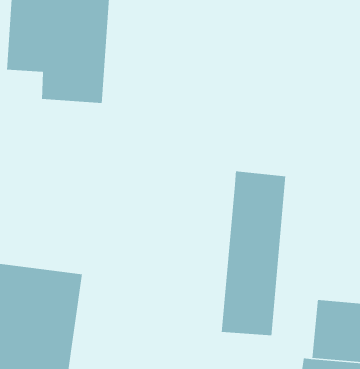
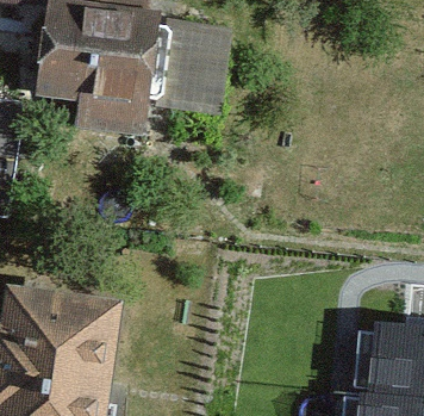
building: [221,171,286,336] -> none

